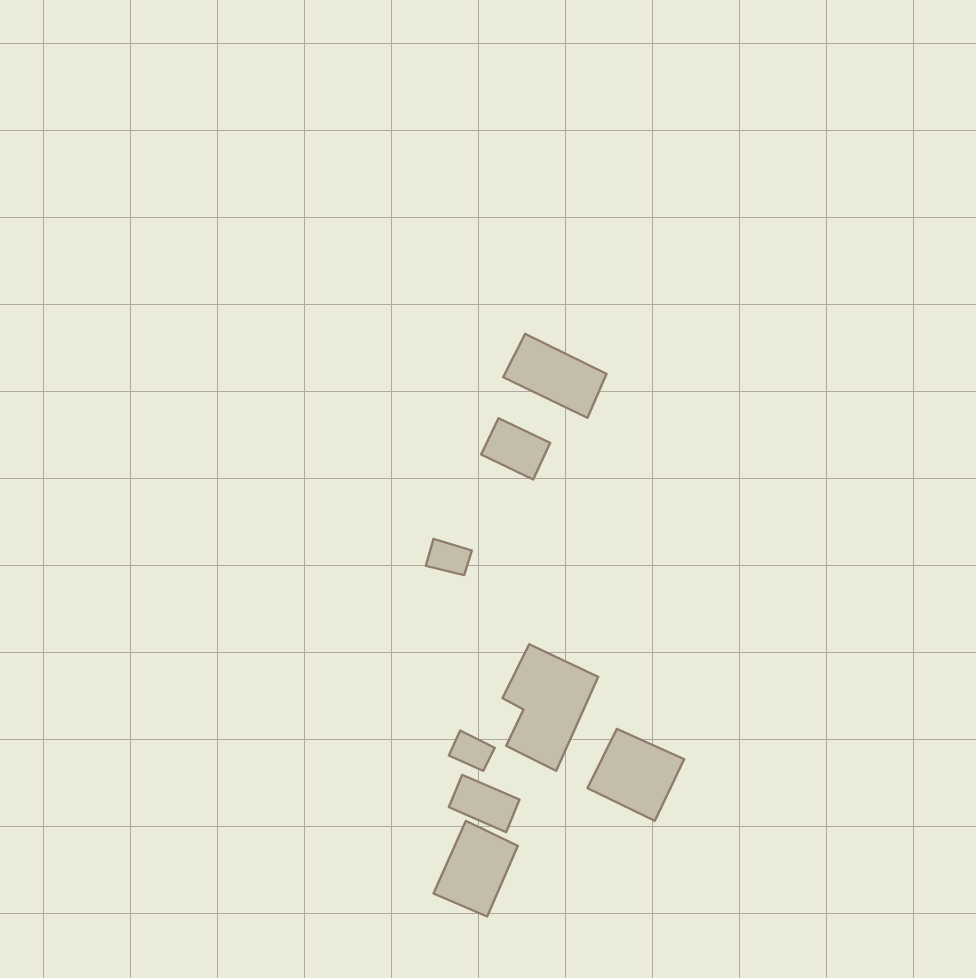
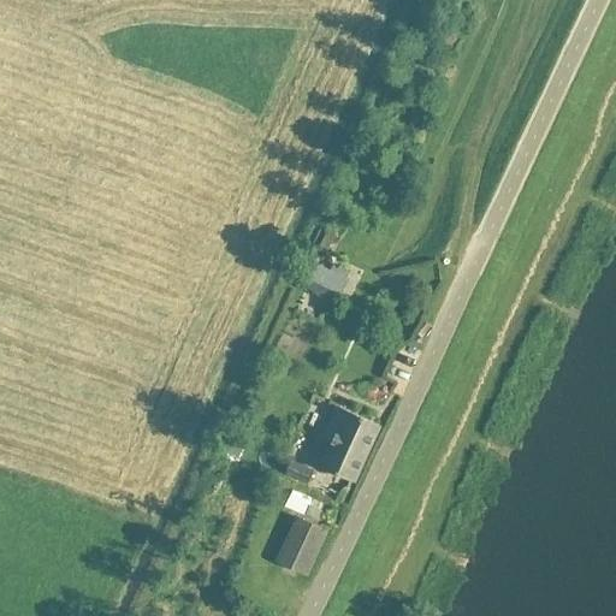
building: [503,334,606,418] -> none
building: [587,729,684,821] -> none

